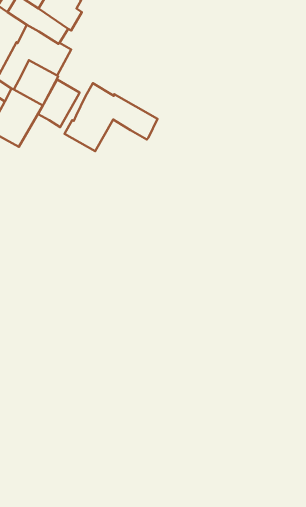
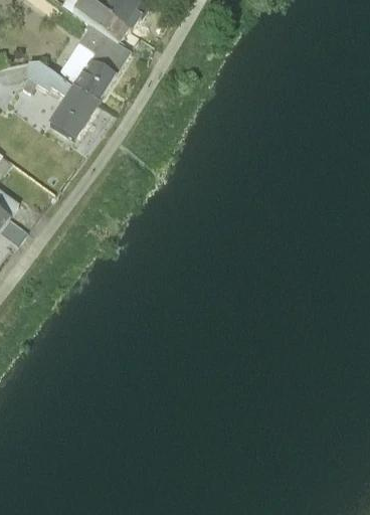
building: [38,80,79,127] -> none
building: [64,83,157,151] -> none

